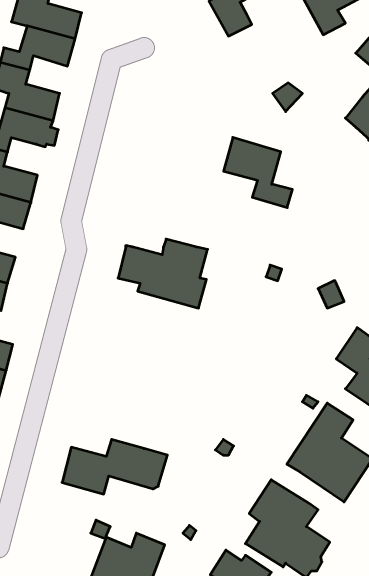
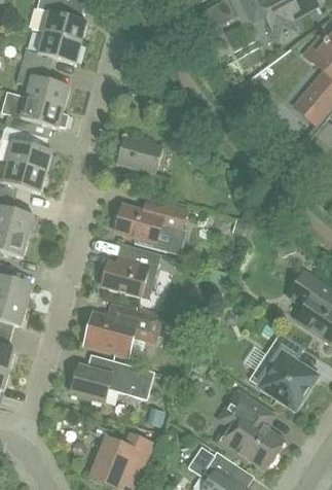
building: [224,137,292,208] -> [116,135,171,190]
building: none -> [100,242,160,299]
building: none -> [84,307,164,354]

